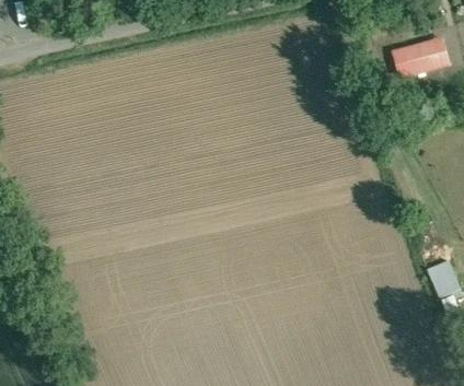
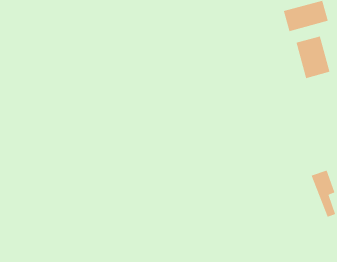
building: none -> [295,35,330,79]

